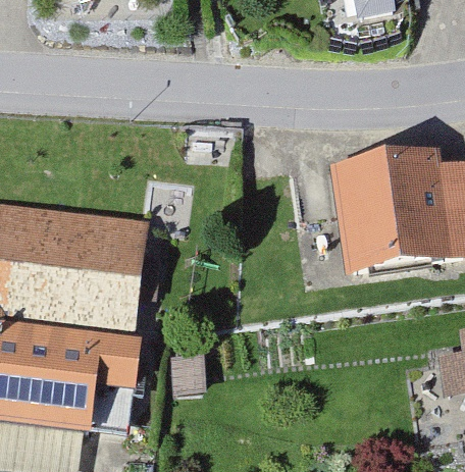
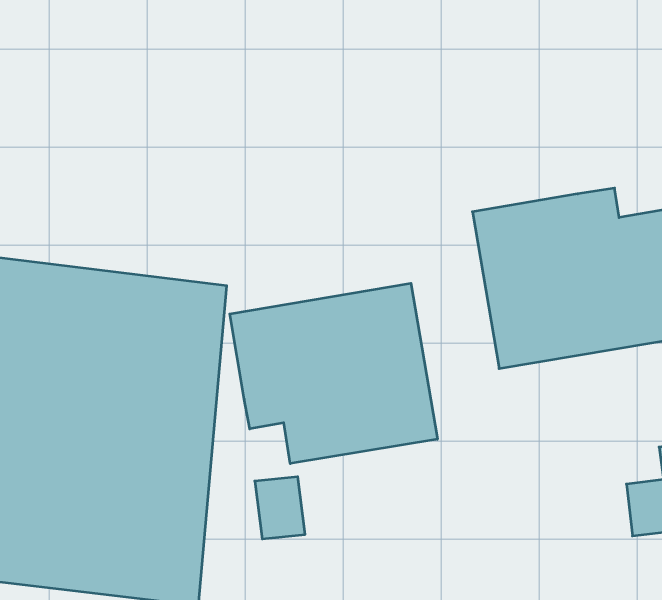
building: none -> [230,283,437,464]

